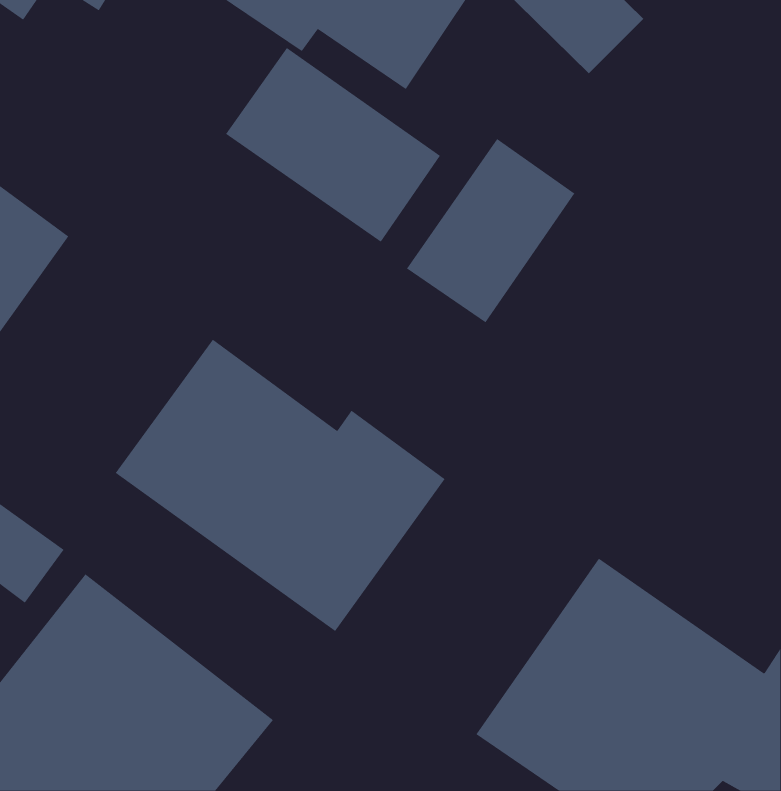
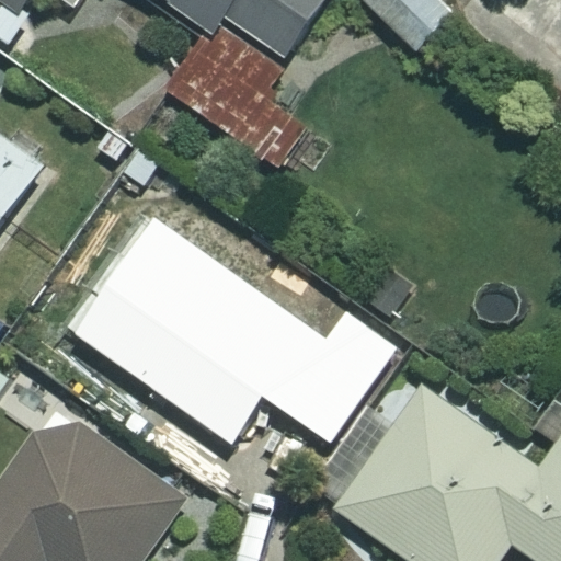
building: [406,138,575,323] -> none
building: none -> [280,308,398,437]

